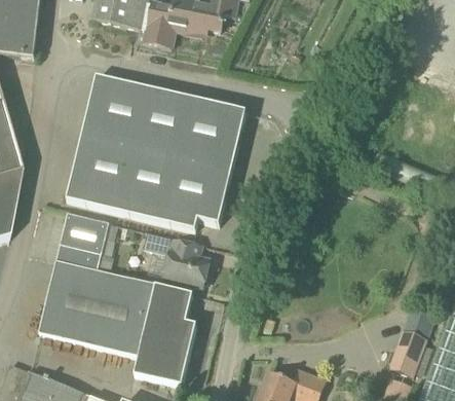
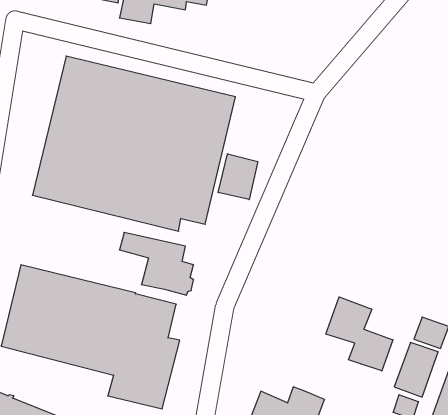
building: none -> [218,154,258,200]
building: [56,211,110,269] -> none
building: none -> [326,297,393,371]

